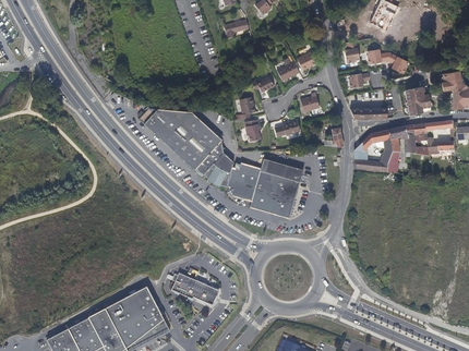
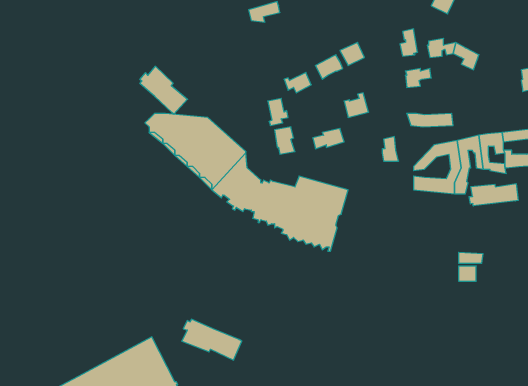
building: none -> [140,66,188,114]
building: [405,86,431,114] -> none
building: none -> [469,184,518,206]

